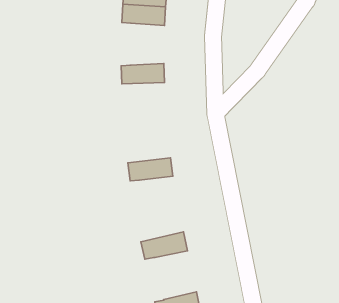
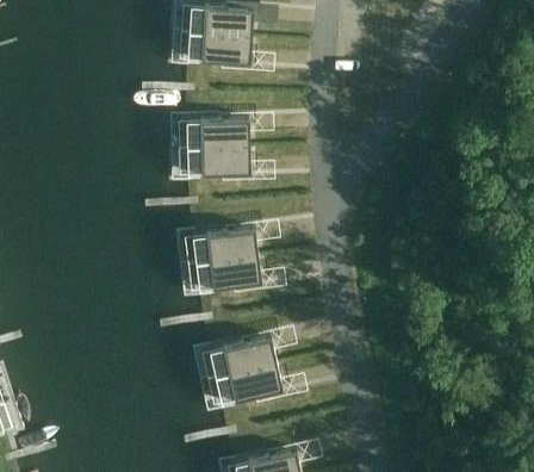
building: none -> [186,147,249,175]
building: none -> [191,229,256,263]
building: none -> [209,337,275,378]

